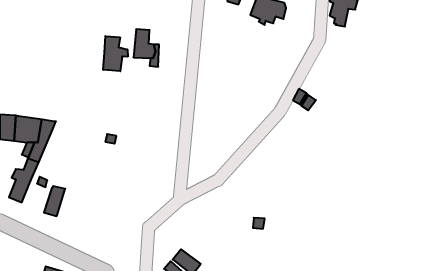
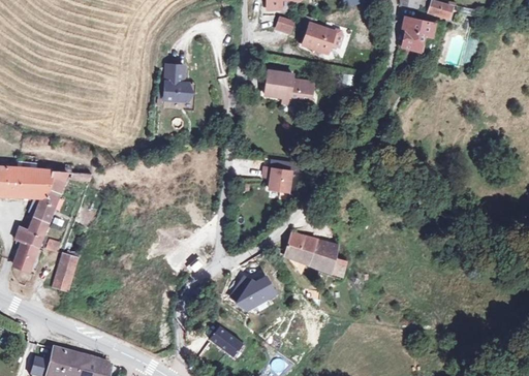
building: [103,36,128,71] -> none
building: none -> [259,72,310,109]
building: none -> [261,166,289,187]
building: none -> [284,232,345,277]
building: none -> [235,273,274,306]

